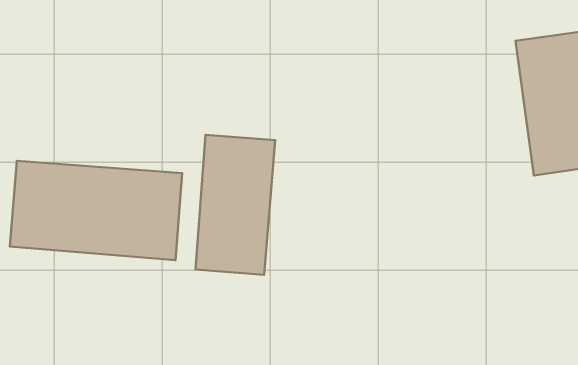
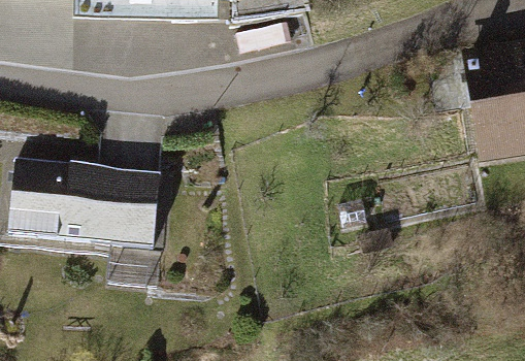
building: [195,135,275,275] -> none

